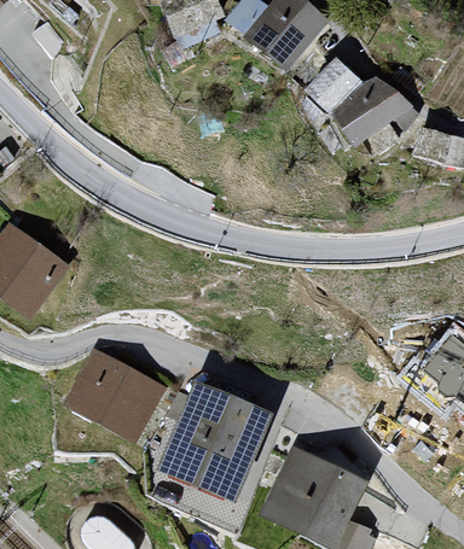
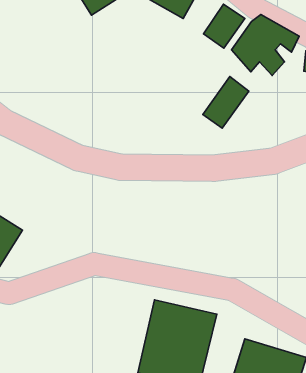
building: none -> [203,76,249,128]
building: [70,350,163,436] -> none

